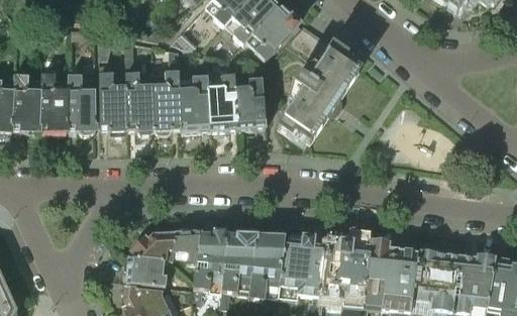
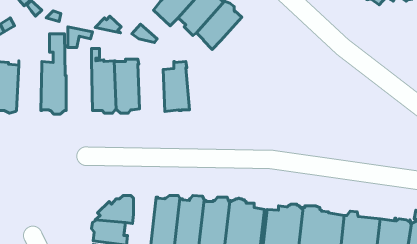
building: [278,25,359,142] -> none
building: [99,63,126,134] -> none
building: [38,73,68,133] -> none
building: [179,75,210,133] -> none
building: [234,78,266,129] -> none
building: [174,228,200,265] -> none

